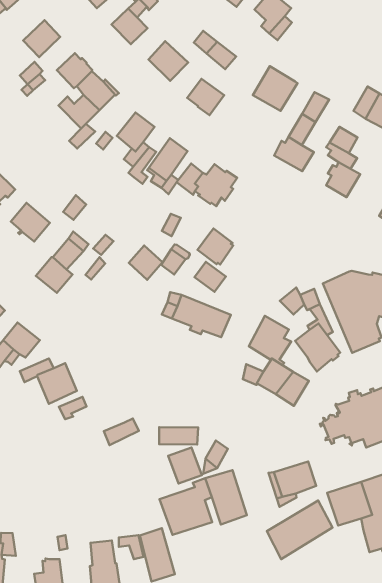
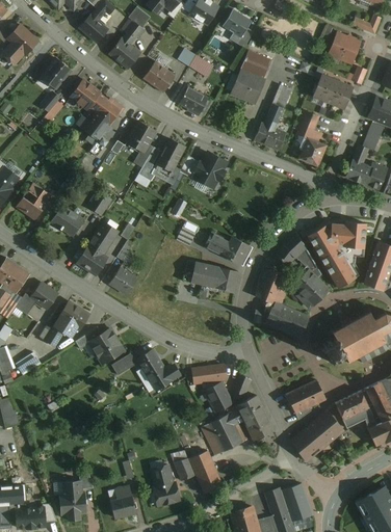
building: none -> [241,52,270,79]
building: [198,228,233,265] -> [223,237,251,265]
building: [129,245,163,280] -> [110,268,137,295]
building: none -> [137,349,165,379]

